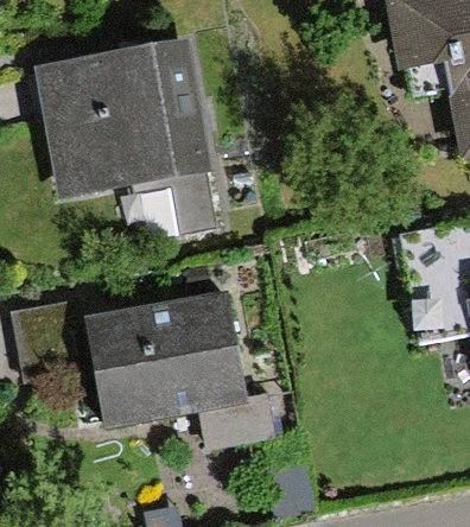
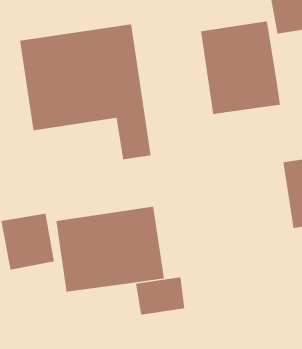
building: none -> [200,21,281,115]

